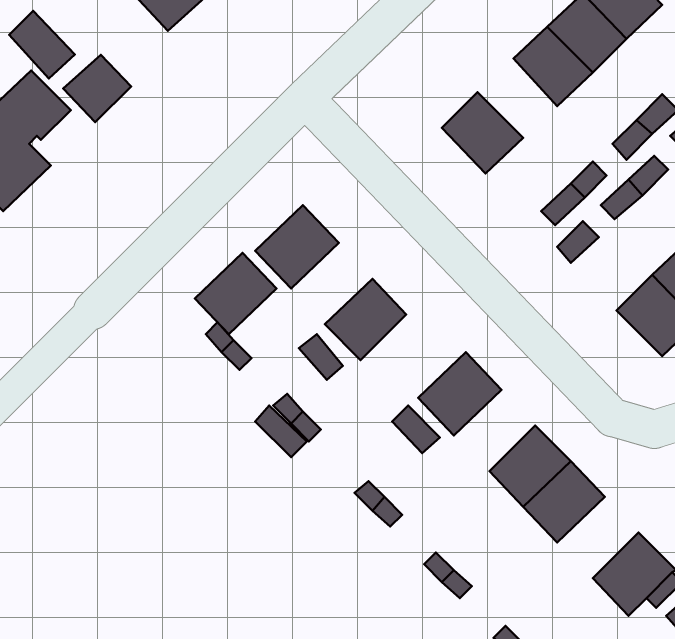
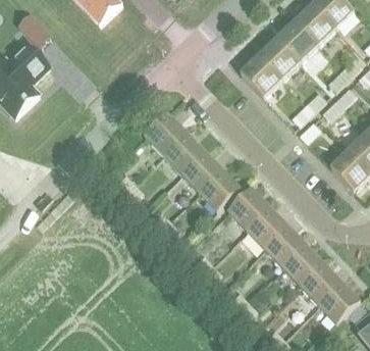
building: [63,55,131,122] -> none
building: none -> [259,37,300,78]
building: [195,253,276,334] -> [163,132,205,173]
building: none -> [199,168,241,211]
building: none -> [247,207,288,249]
building: none -> [300,262,341,304]

